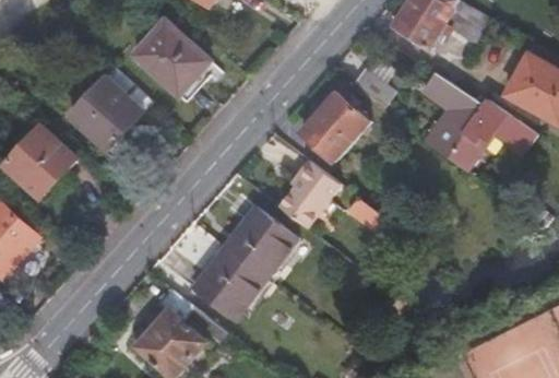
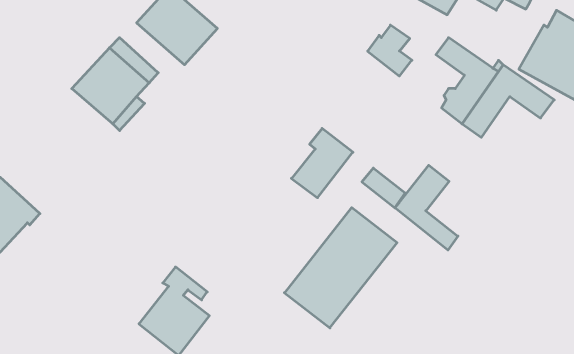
building: [300,90,369,157] -> none
building: [12,134,85,206] -> none
building: none -> [395,165,458,250]
building: [190,209,298,324] -> [284,208,397,328]

